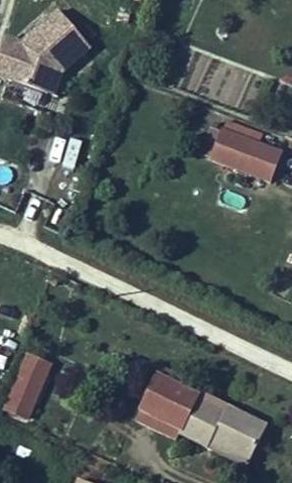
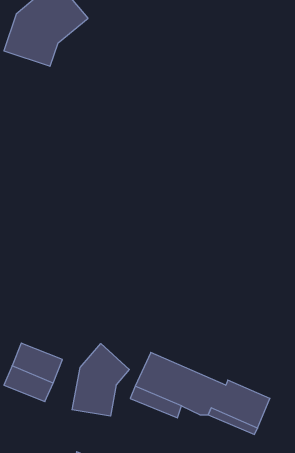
building: [209,124,279,176] -> none
building: none -> [72,344,129,416]

